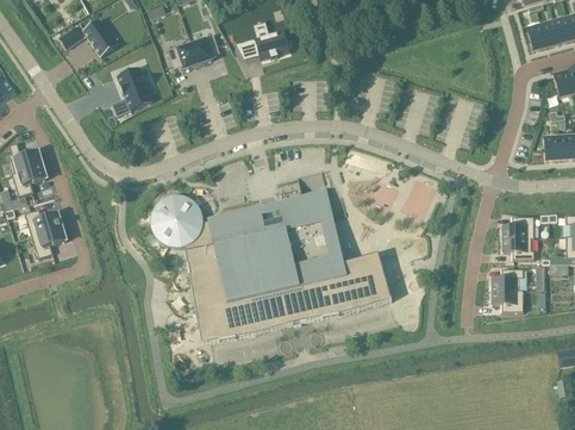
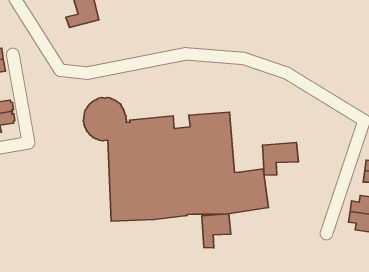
building: none -> [263,142,299,175]
building: none -> [202,214,231,248]

